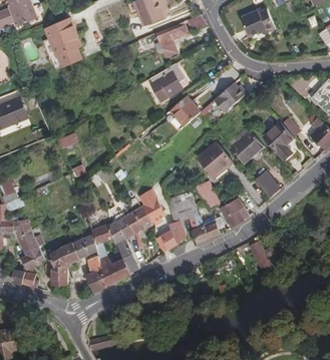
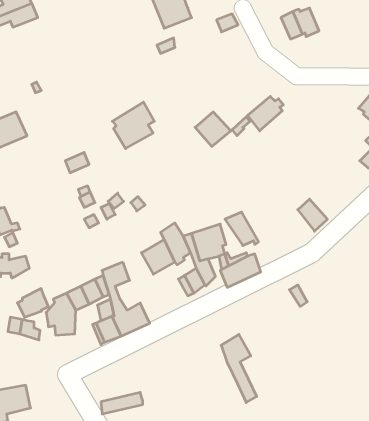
building: [43,19,79,71] -> none
building: [155,25,187,57] -> none
building: [148,62,184,101] -> [112,102,154,149]
building: [263,119,294,159] -> none
building: [229,131,262,164] -> none
building: [197,143,231,177] -> none
building: [218,198,248,229] -> none
building: [108,216,138,273] -> [221,334,257,403]
building: [15,229,43,254] -> none

